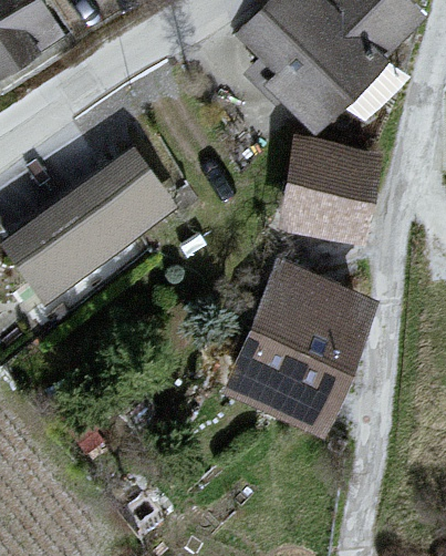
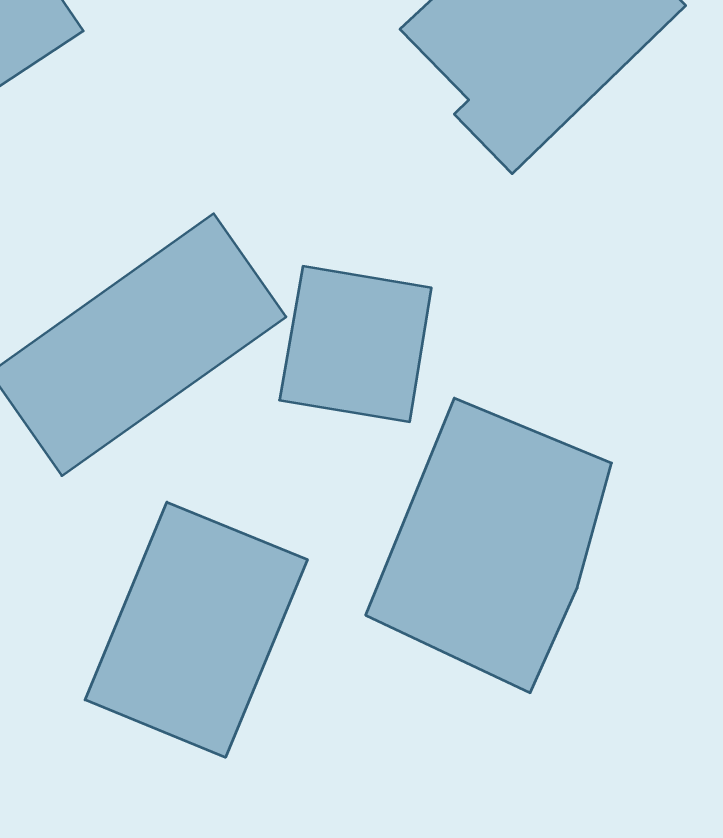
building: [283,135,376,230] -> [279,266,431,422]
building: none -> [85,502,307,757]

